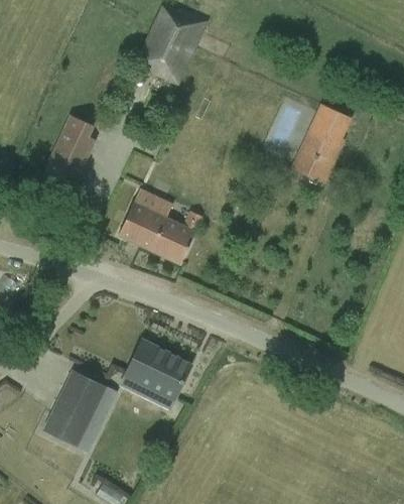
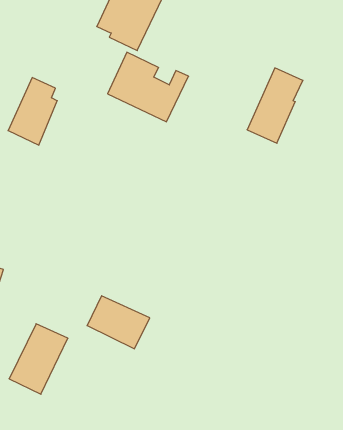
building: [119,191,204,263] -> [108,52,189,122]

